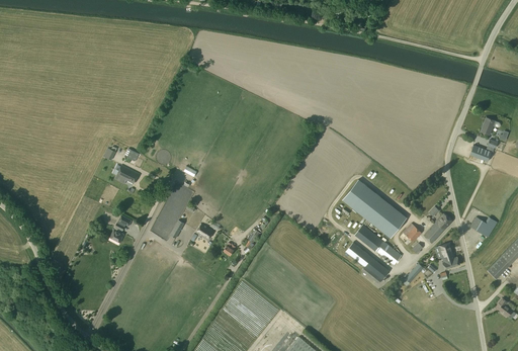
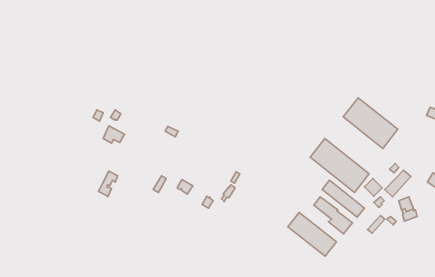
building: none -> [343,98,398,148]
building: none -> [288,212,336,256]

